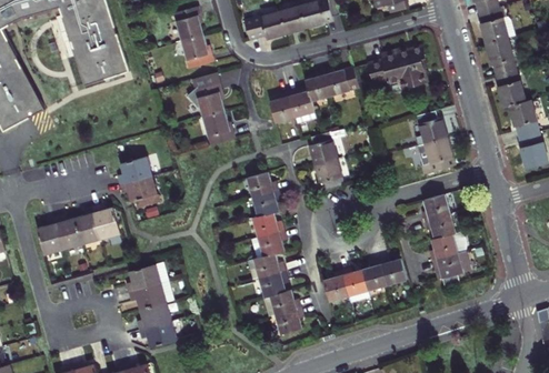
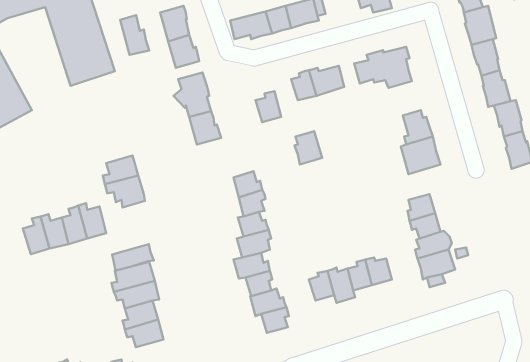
building: none -> [120,15,149,55]
building: [289,87,316,123] -> none
building: [315,159,345,191] -> none
building: none -> [112,244,154,270]

